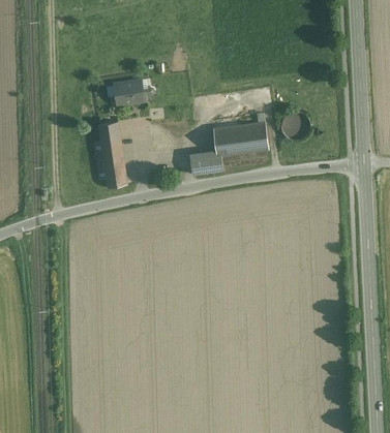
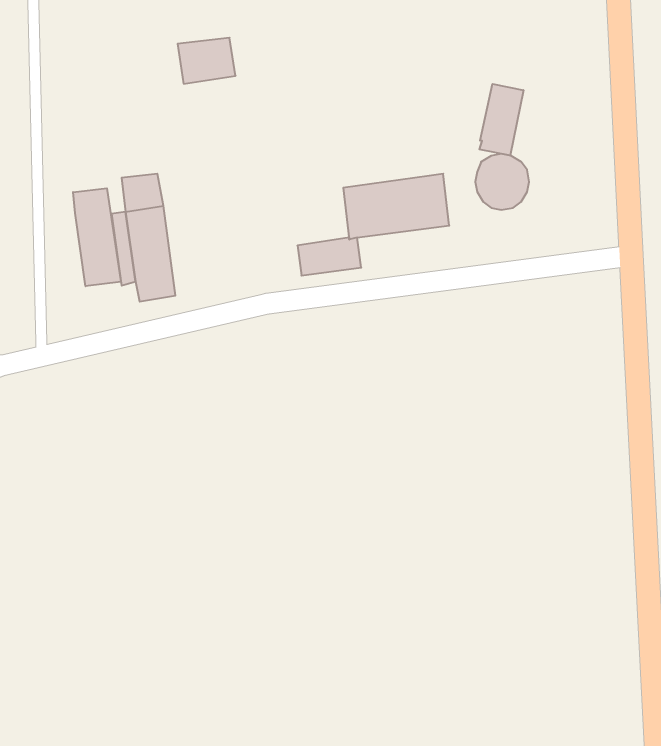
building: none -> [479,84,523,156]
building: [114,80,144,103] -> [178,38,236,84]
building: none -> [73,188,121,286]

